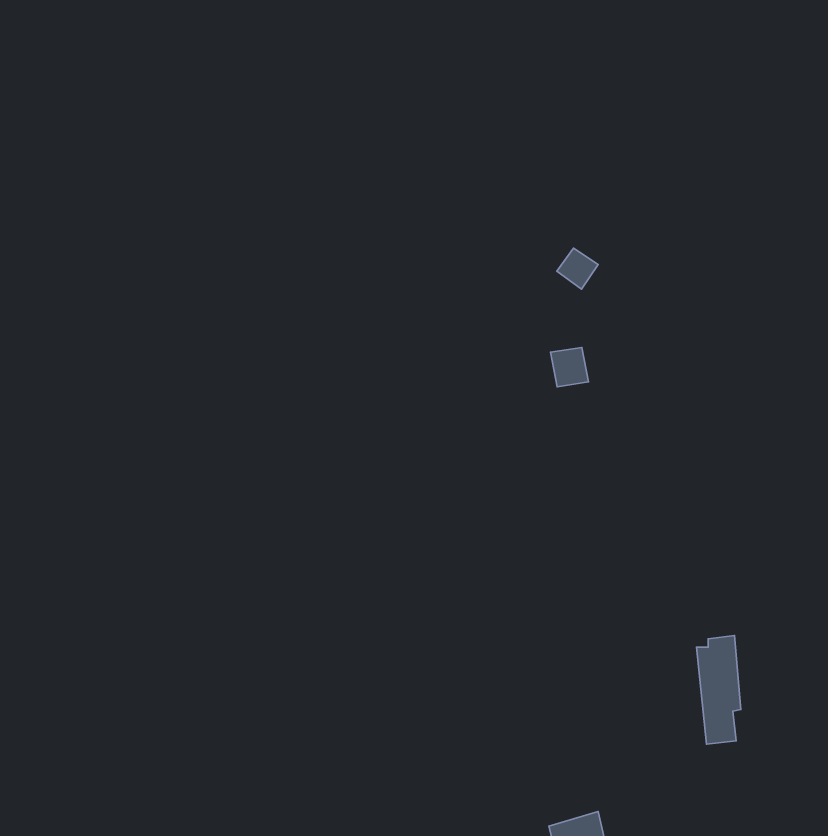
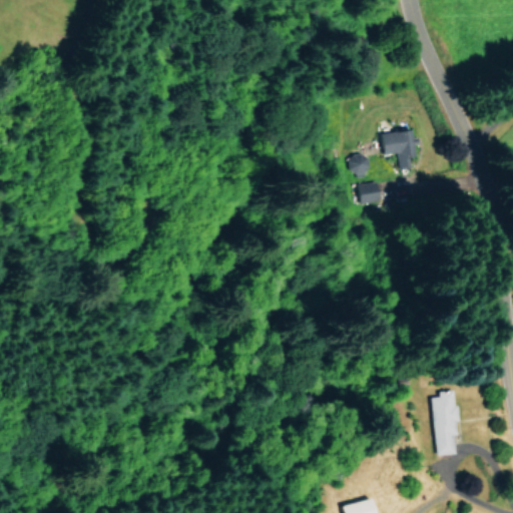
building: none -> [381,130,417,168]
building: [551,347,588,387] -> [358,182,381,206]

